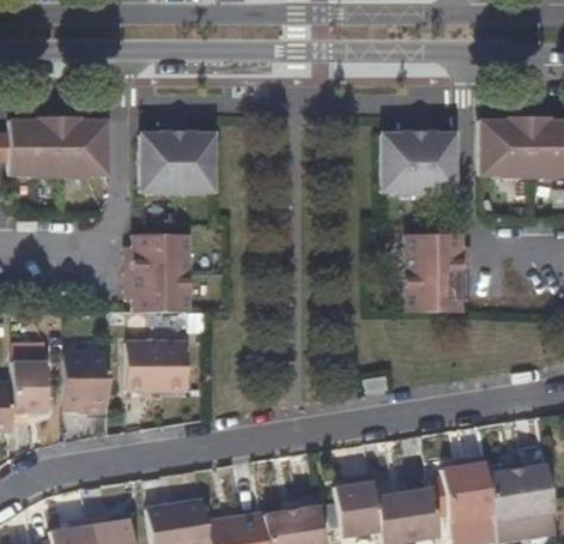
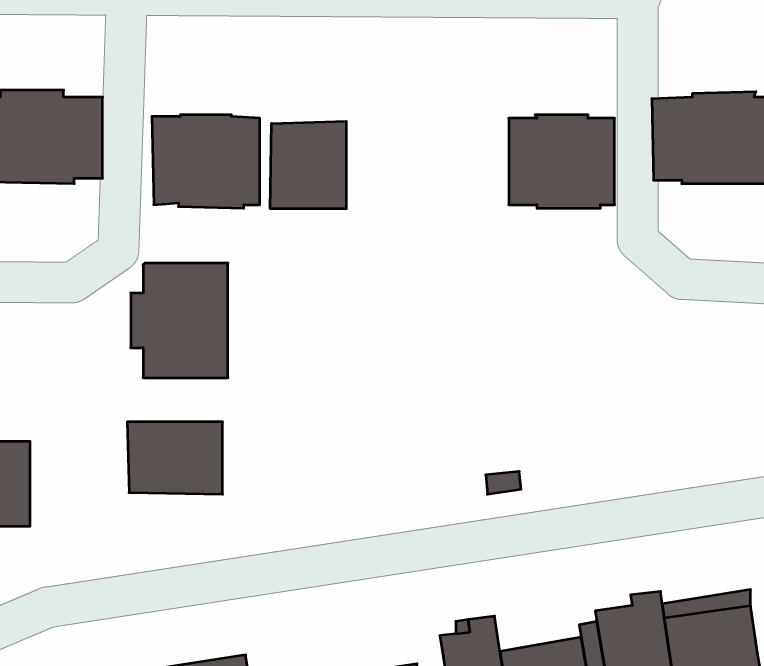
building: none -> [270,121,346,209]
building: [407,234,469,310] -> none
building: [65,350,110,409] -> none

